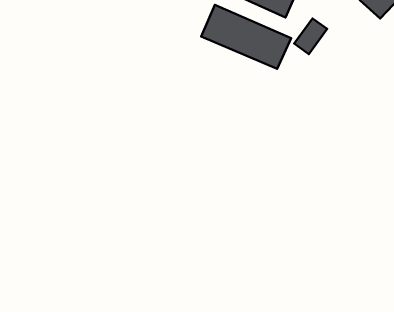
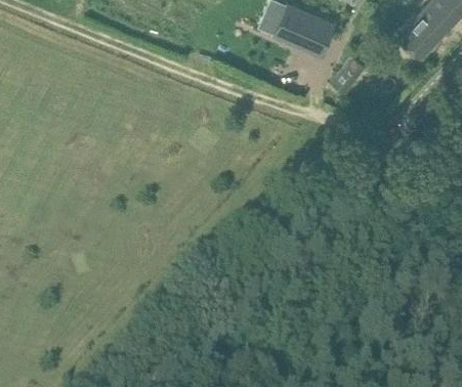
building: [201,5,291,69] -> none

